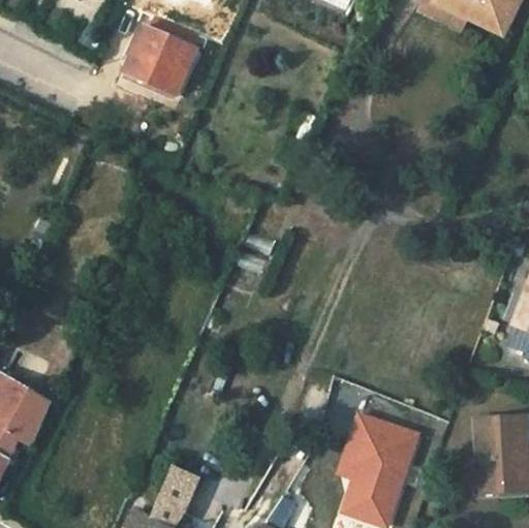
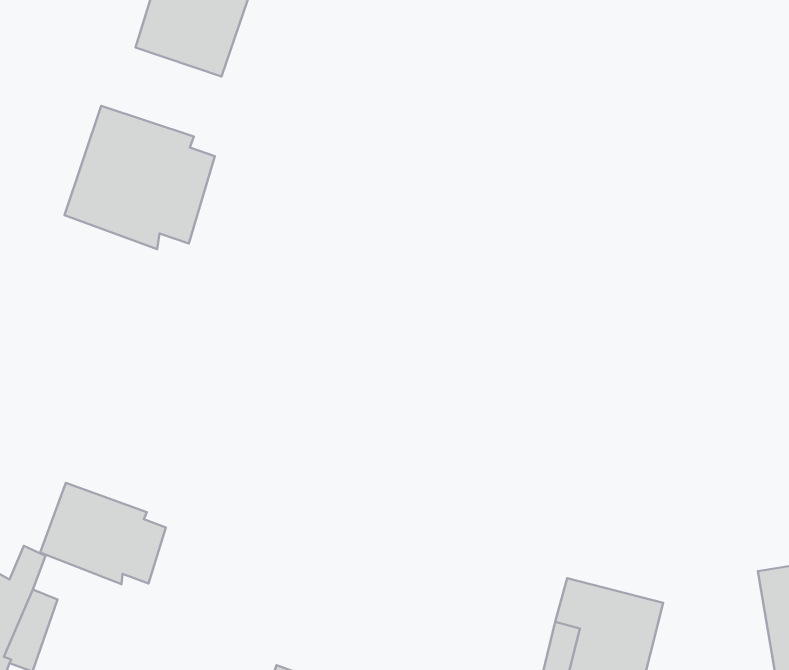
building: none -> [64,106,215,249]
building: none -> [40,483,166,584]

